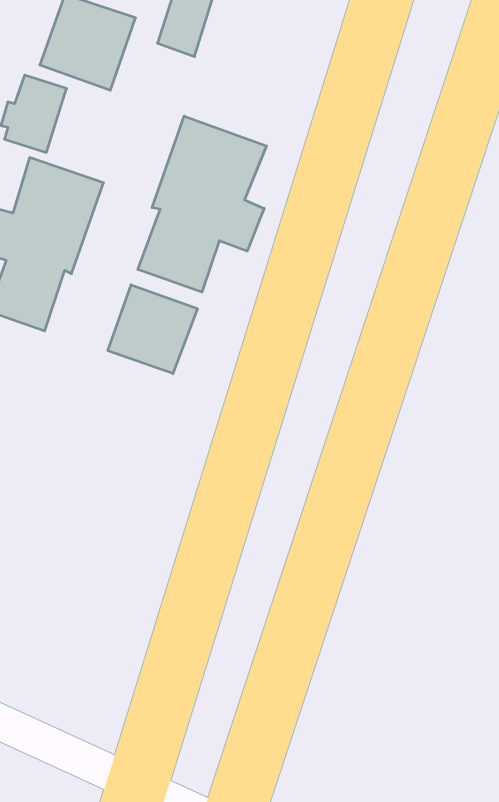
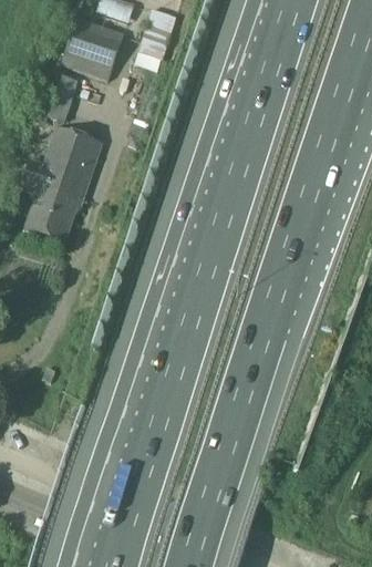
building: [138,116,267,292] -> none
building: [108,285,197,374] -> none

